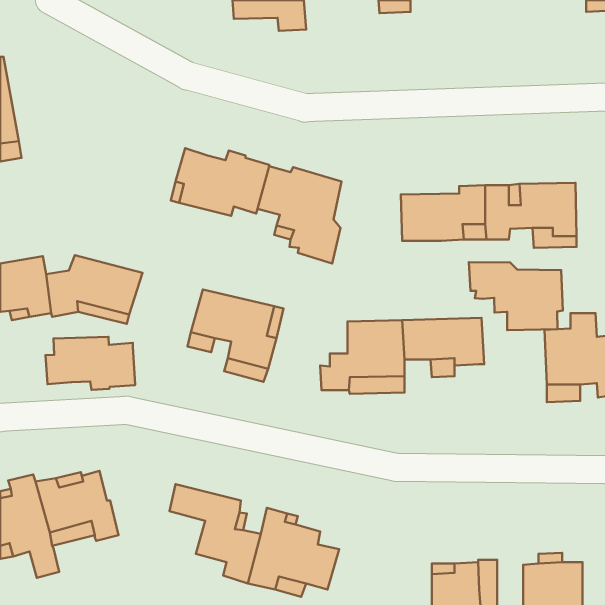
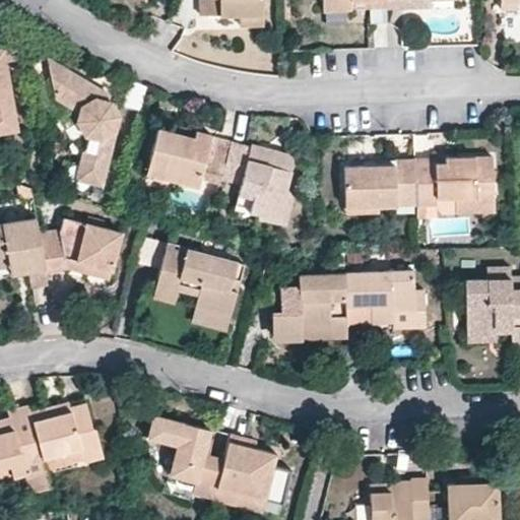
building: none -> [53,66,119,182]
building: [469,262,563,330] -> none
building: [45,337,135,390] -> none

